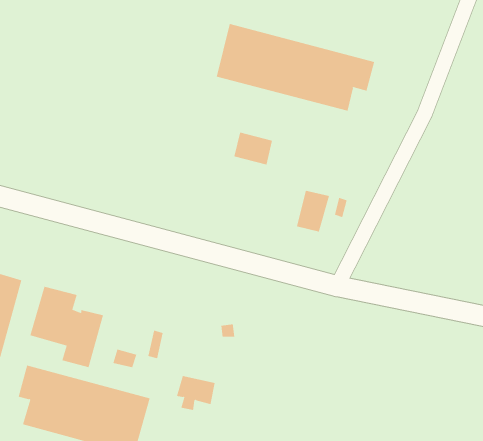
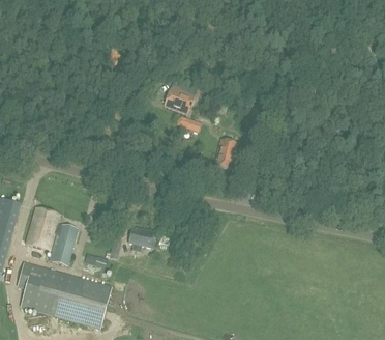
building: [216,23,375,111] -> none
building: [176,376,216,411] -> [127,227,155,252]

